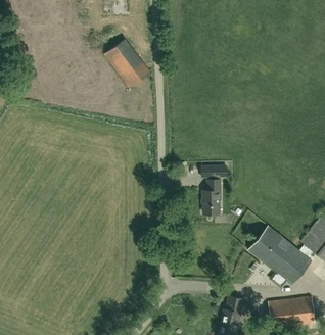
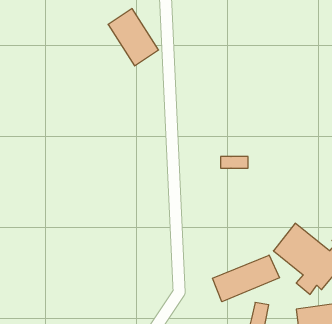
building: [203,180,221,213] -> none
building: none -> [213,255,280,302]

